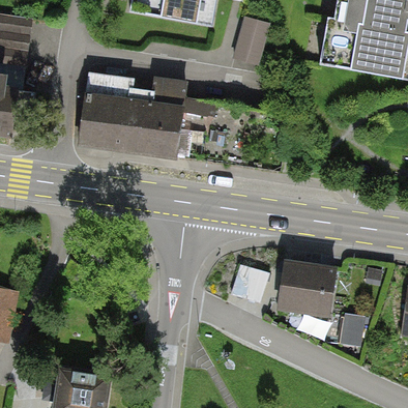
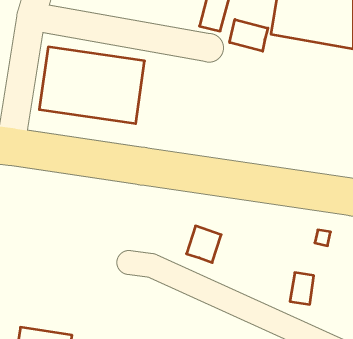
building: none -> [230,19,268,51]
building: [278,261,336,317] -> none

